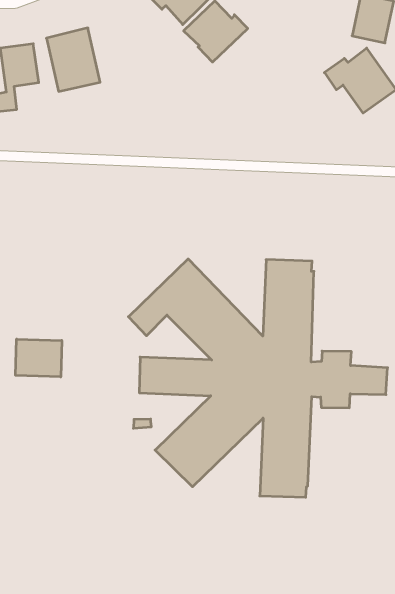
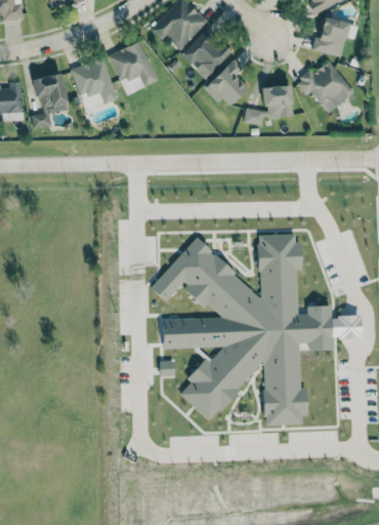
building: none -> [109,40,159,94]
building: none -> [204,58,249,106]
building: none -> [245,85,293,124]
building: [16,339,62,377] -> none

